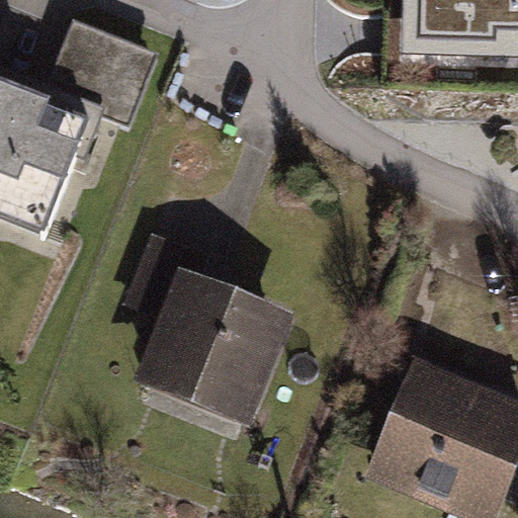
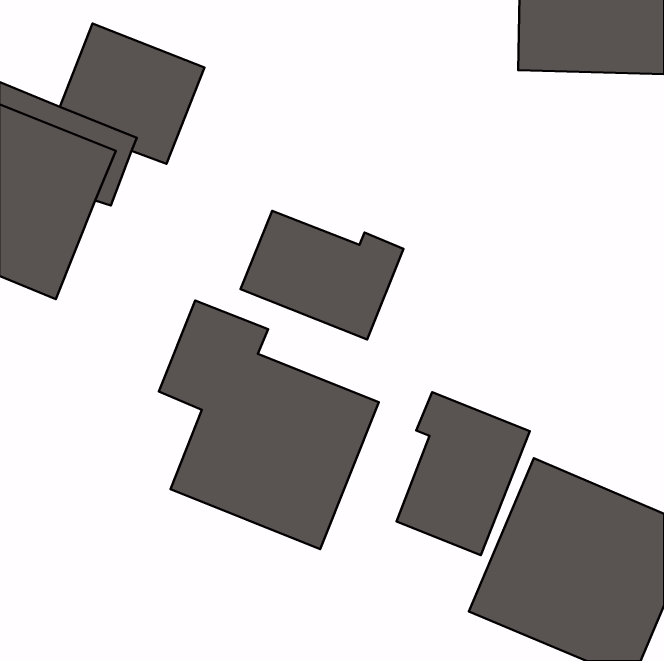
building: none -> [241,211,404,340]
building: none -> [396,392,530,555]

